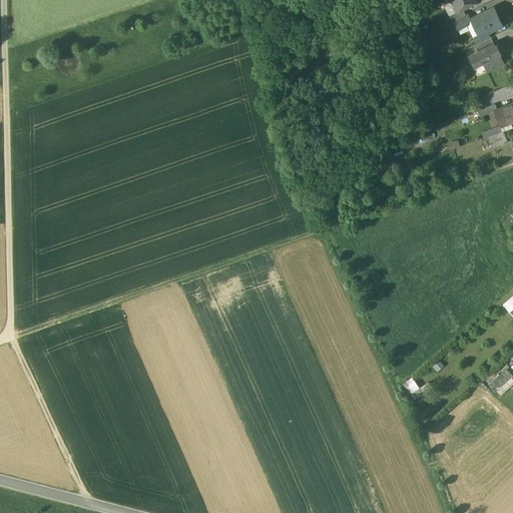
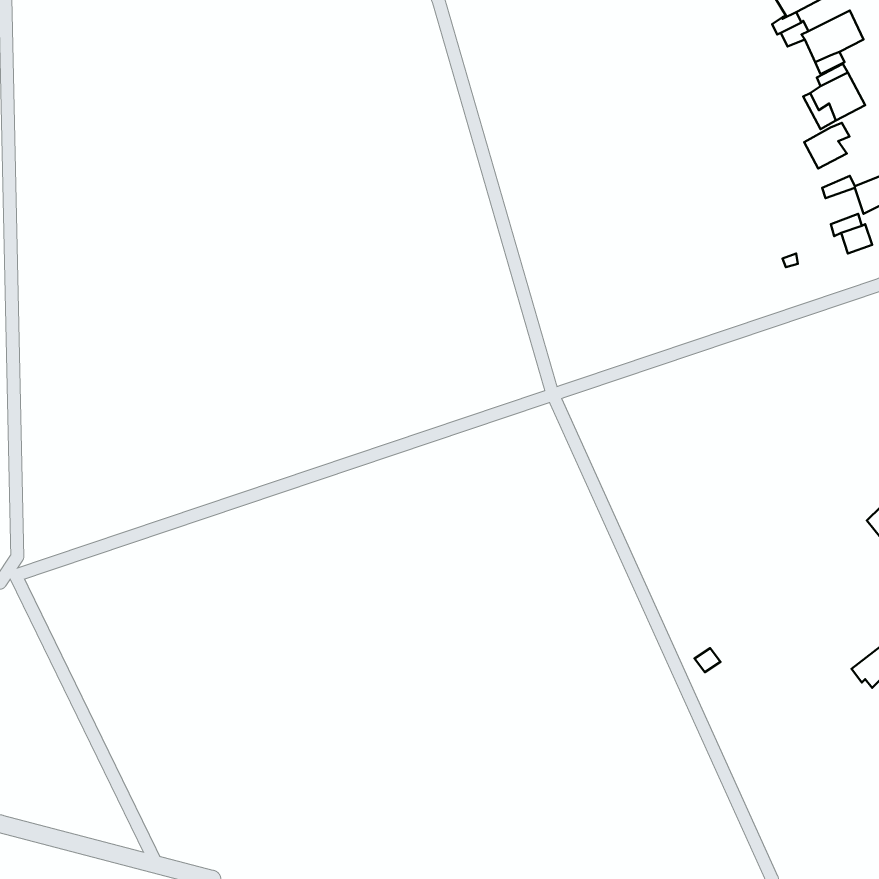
building: none -> [804,123,849,169]

